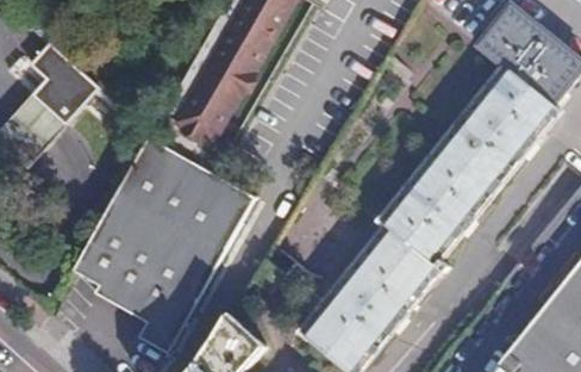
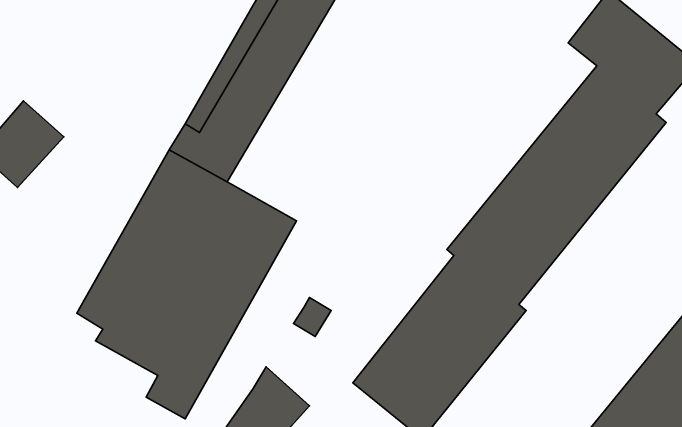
building: [31,43,99,125] -> none

